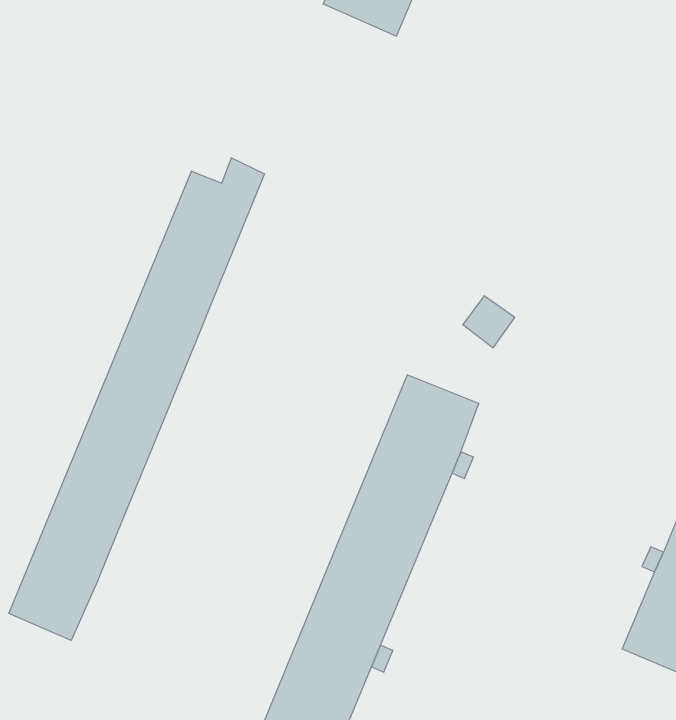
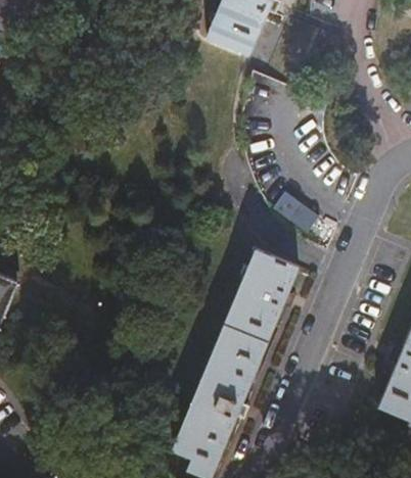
building: [9,158,265,640] -> none

